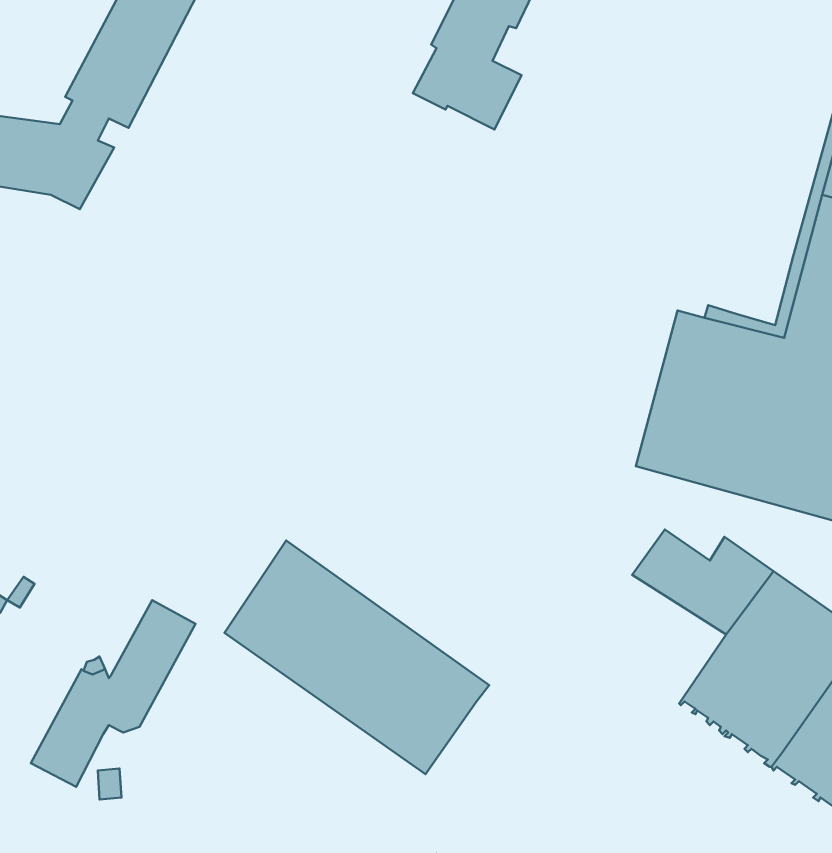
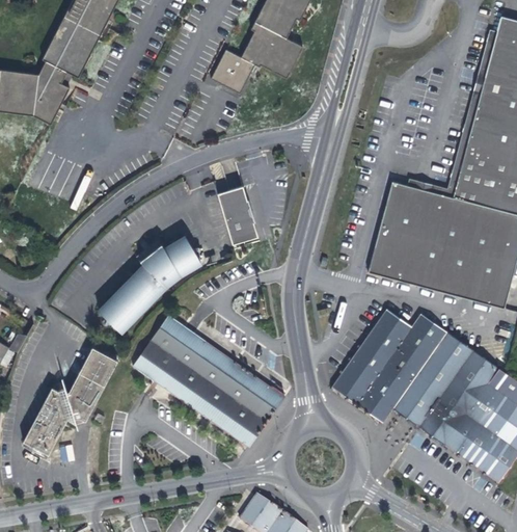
building: none -> [211,50,255,94]
building: none -> [217,186,258,245]
building: none -> [100,237,201,327]
building: none -> [332,334,420,420]

